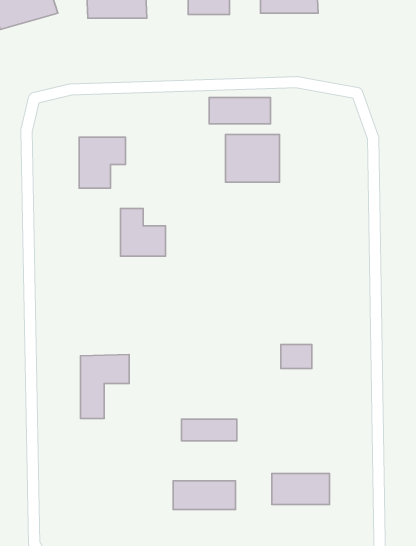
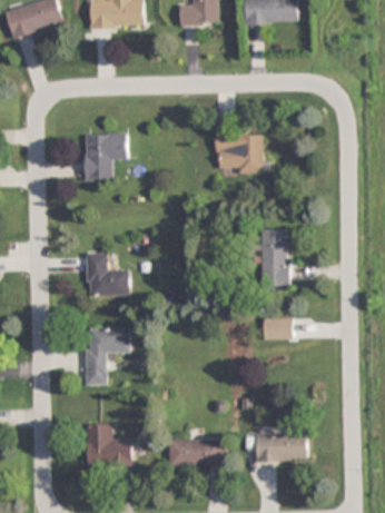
building: [209,98,271,124] -> none
building: [121,208,166,256] -> [86,253,126,295]
building: none -> [259,229,287,289]
building: [181,419,237,441] -> none
building: none -> [86,423,130,466]

